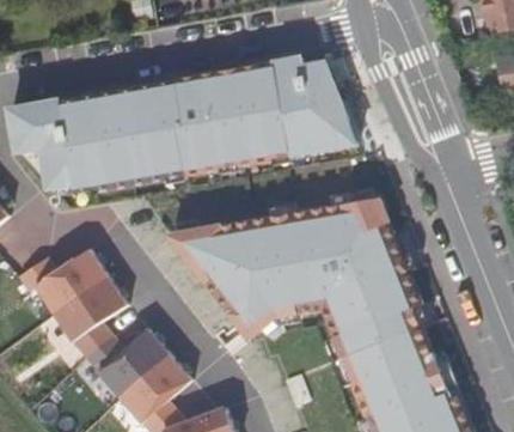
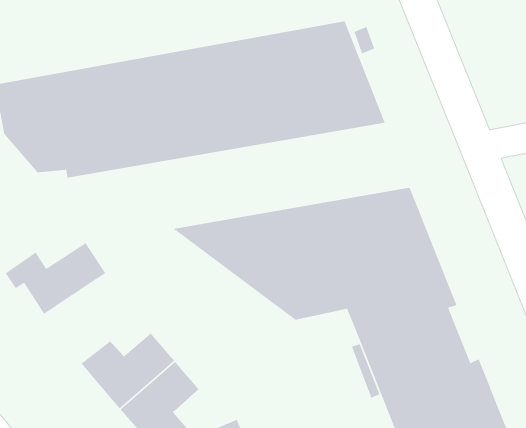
building: [54,278,128,358] -> none

